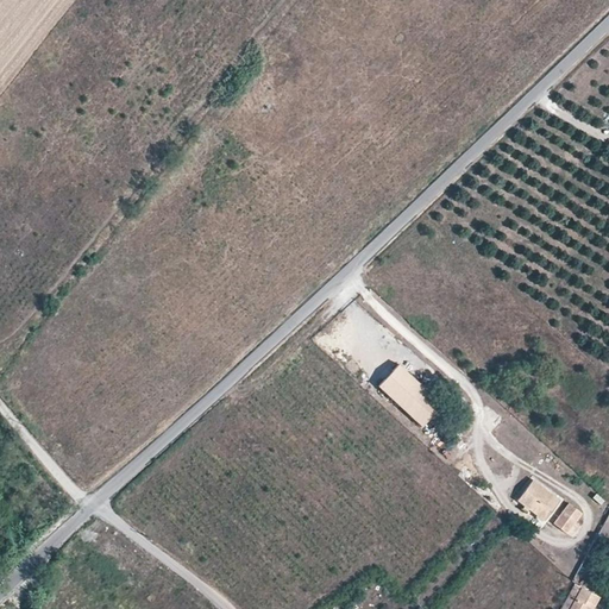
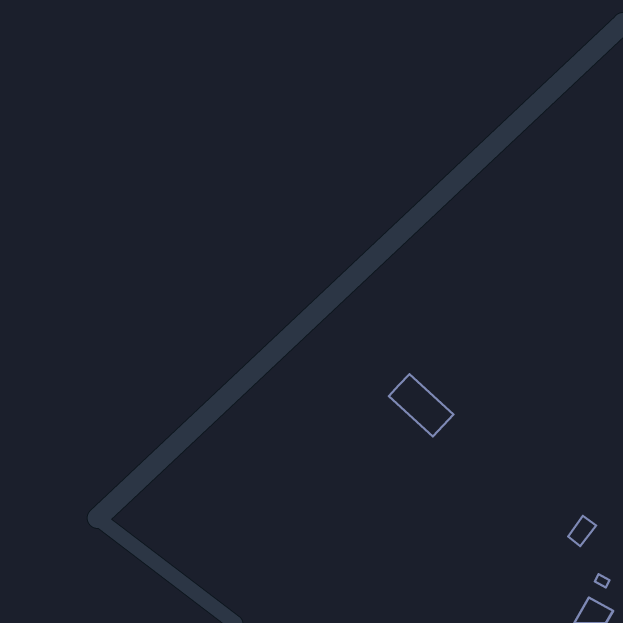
building: [517,479,560,521] -> none

